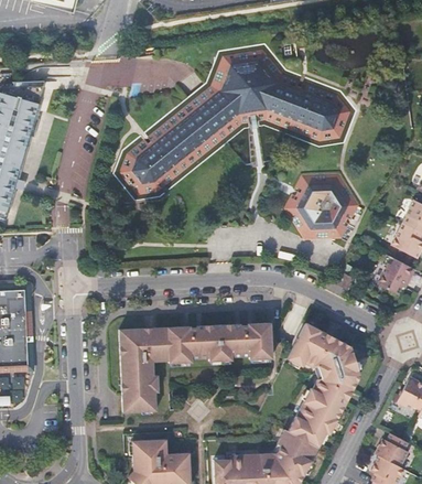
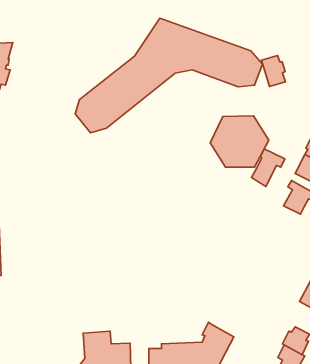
building: none -> [261,55,286,86]
building: none -> [252,149,285,187]
building: [288,321,358,444] -> none
building: [119,322,272,412] -> none

